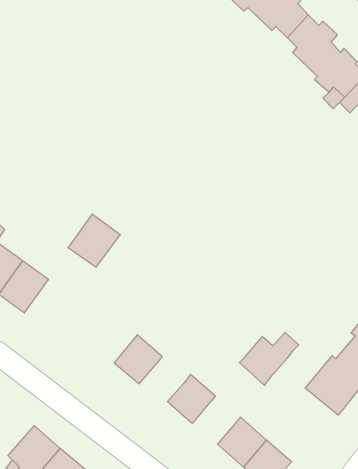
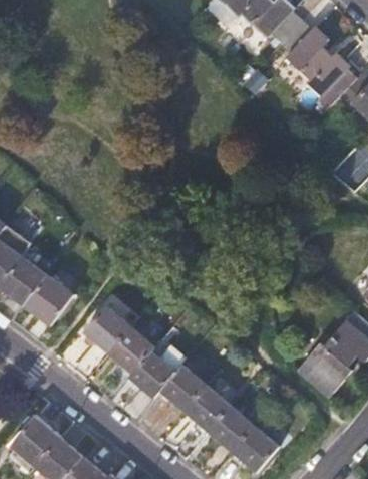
building: [68,214,120,267] -> [24,271,74,322]
building: none -> [81,300,132,351]
building: [239,332,299,386] -> [131,345,189,397]
building: none -> [186,384,232,430]

